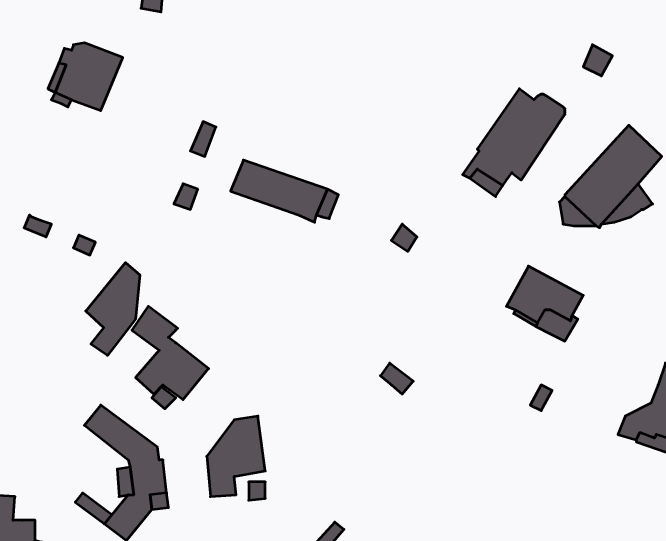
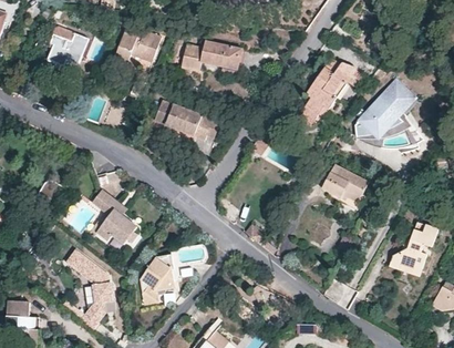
building: none -> [113,24,161,65]
building: none -> [180,41,241,70]
building: [86,263,140,355] -> none

